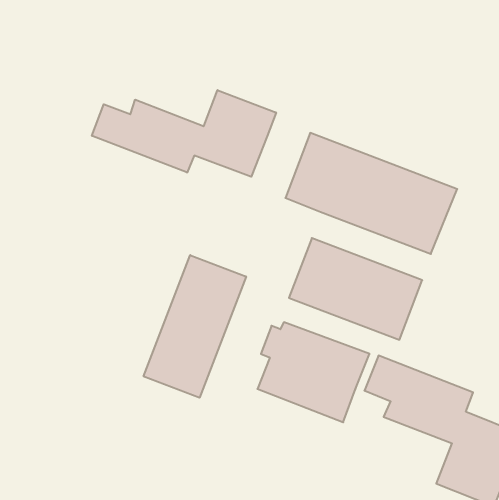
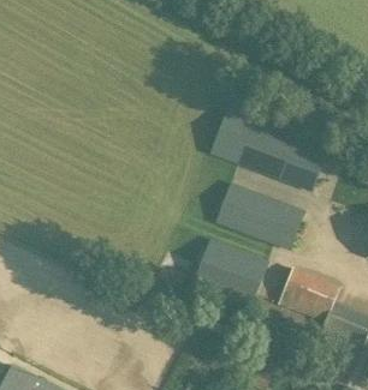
building: [92,90,276,177] -> none
building: [144,255,246,398] -> none

